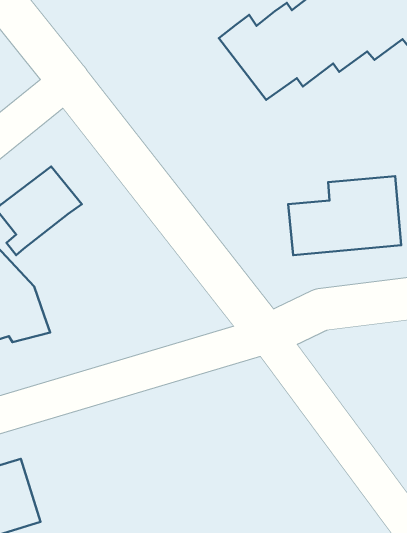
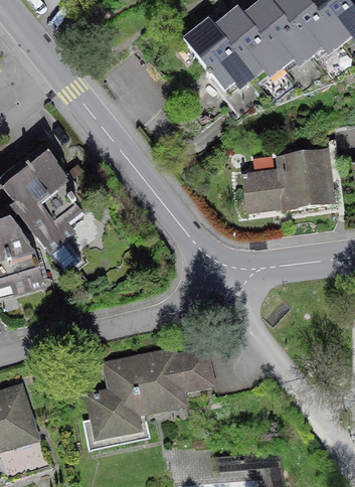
building: none -> [22,183,90,252]
building: none -> [86,343,211,444]

